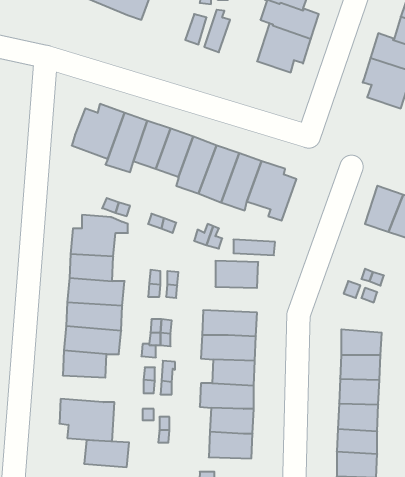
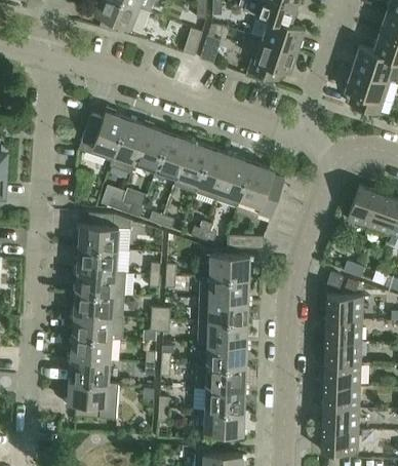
building: none -> [199,277,248,302]
building: none -> [325,296,362,320]
building: [84,440,129,467] -> [69,359,110,384]

